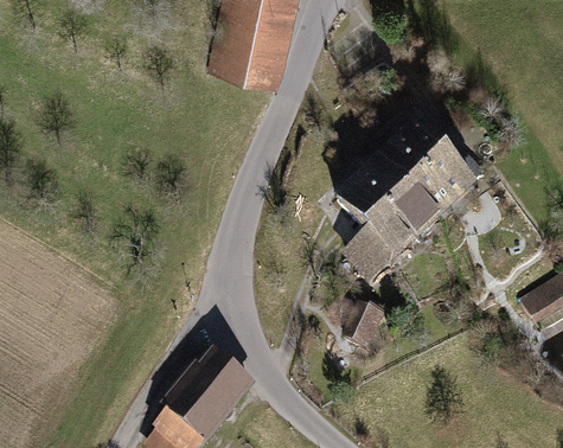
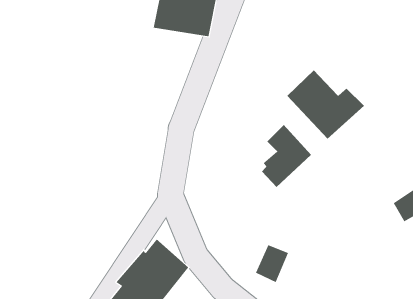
building: [338,152,435,236] -> none
building: [341,299,385,348] -> [255,245,289,283]

